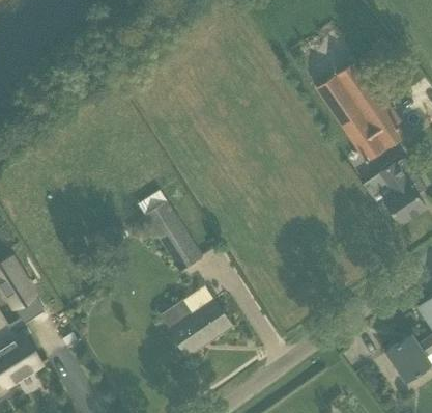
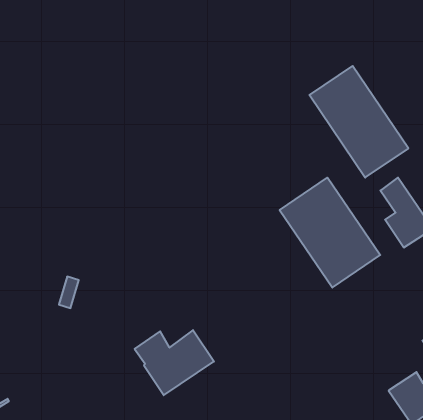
building: none -> [280,178,380,288]
building: [143,200,203,272] -> none

